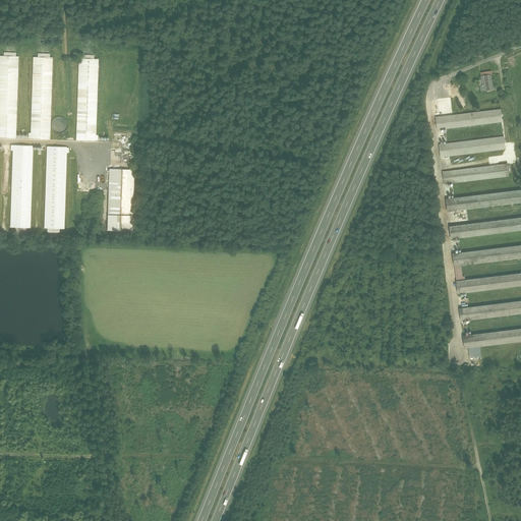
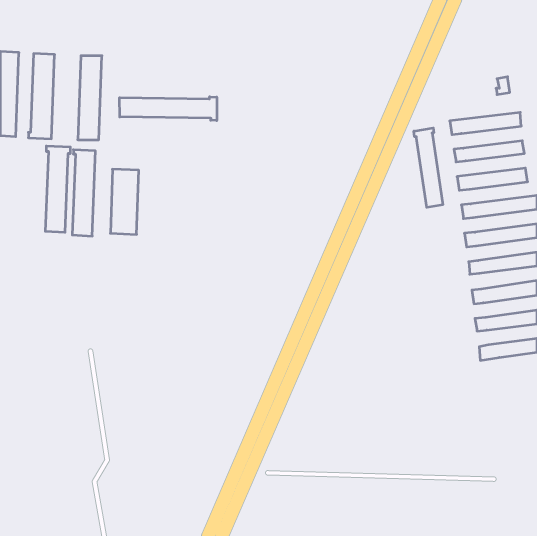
building: none -> [120,97,217,121]
building: none -> [414,128,443,207]
building: [10,140,33,224] -> [72,150,95,236]

